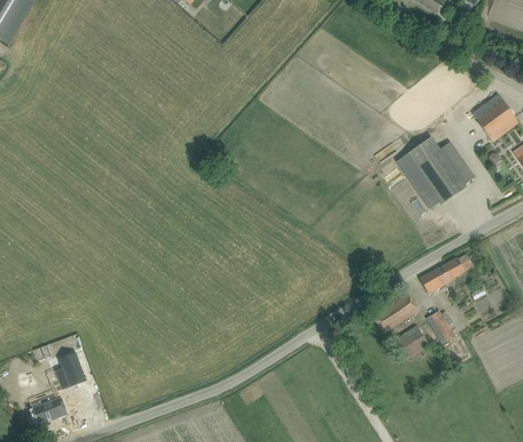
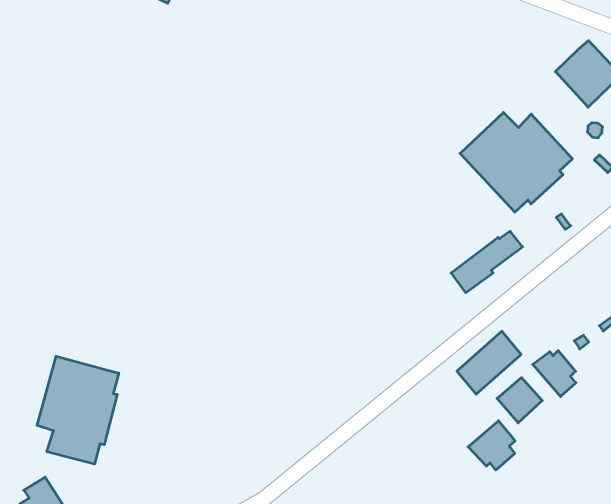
building: [418,254,472,293] -> [451,231,523,293]
building: none -> [37,356,119,464]
building: none -> [468,421,515,470]

